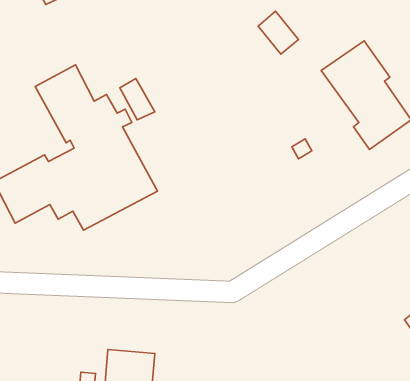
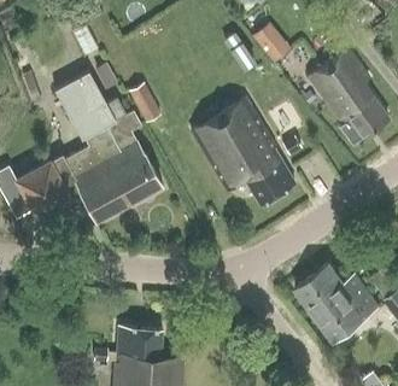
building: none -> [191,98,297,204]
building: none -> [293,262,377,340]

